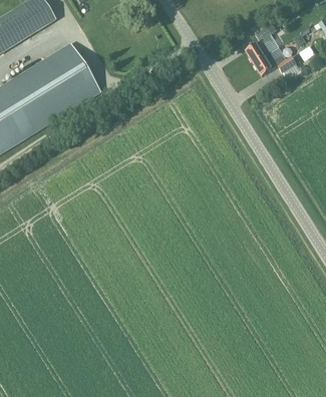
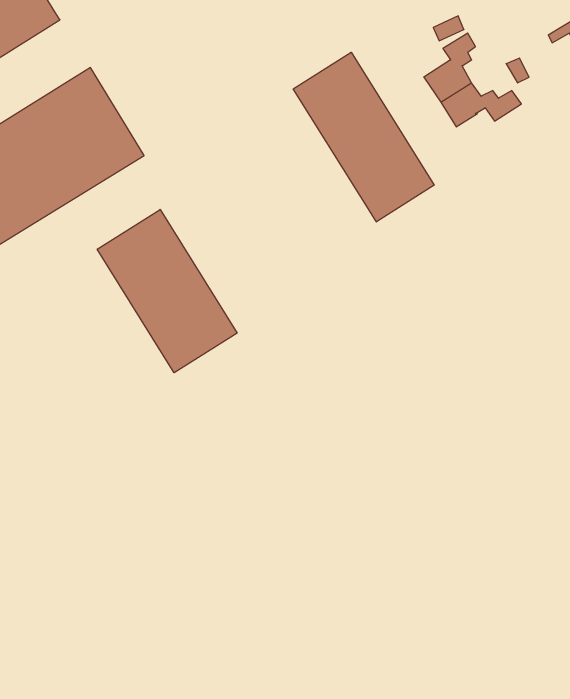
building: none -> [293,52,434,222]
building: none -> [97,209,237,373]

